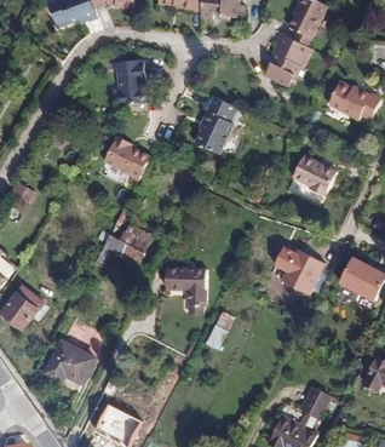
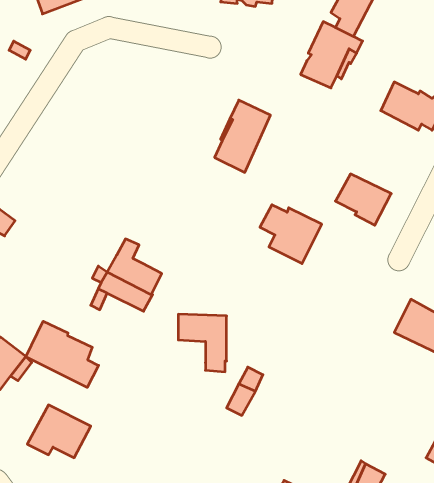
building: [110,59,146,104] -> none
building: [104,136,150,183] -> none
building: [274,246,323,293] -> [260,205,322,264]
building: none -> [26,321,99,387]

